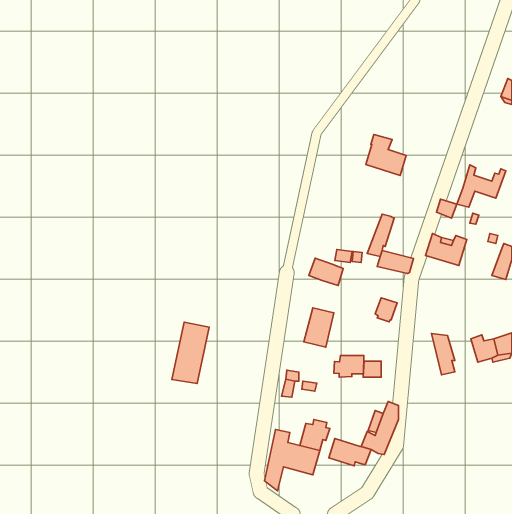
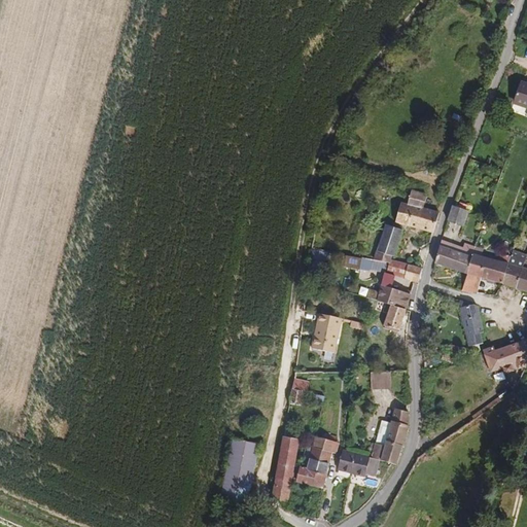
building: [366,134,406,176] -> [392,187,433,230]
building: [457,165,506,207] -> [463,248,514,291]
building: [309,258,343,285] -> [377,282,412,310]
building: [172,322,209,384] -> [219,441,257,503]
building: [432,333,455,375] -> [458,303,482,345]
building: [334,355,364,377] -> none

